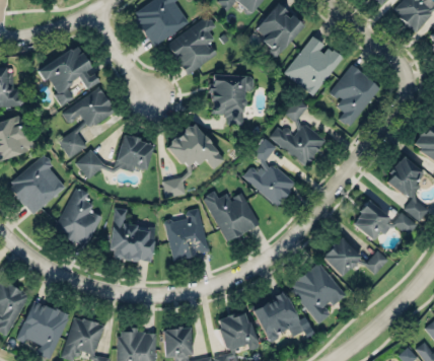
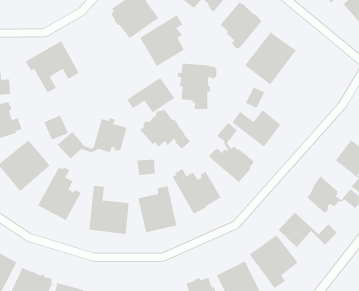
building: [331,65,381,126] -> none
building: [61,88,116,129] -> [126,77,175,113]

